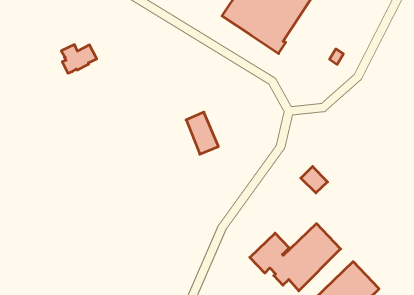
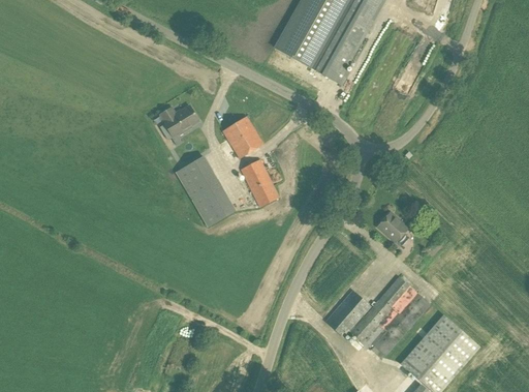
building: [61,45,97,73] -> [158,105,199,140]
building: none -> [222,116,263,159]
building: none -> [176,157,236,227]

